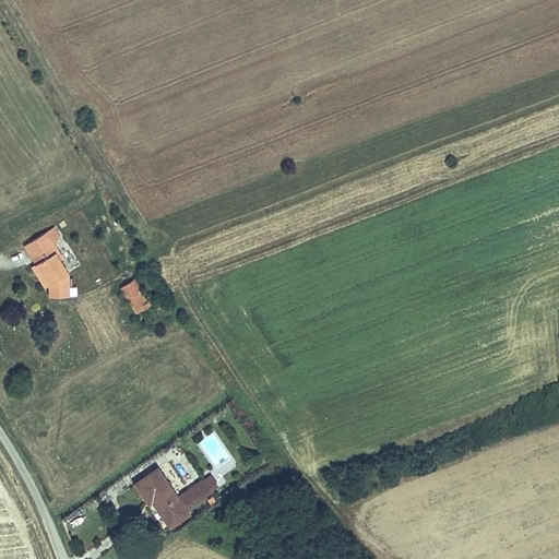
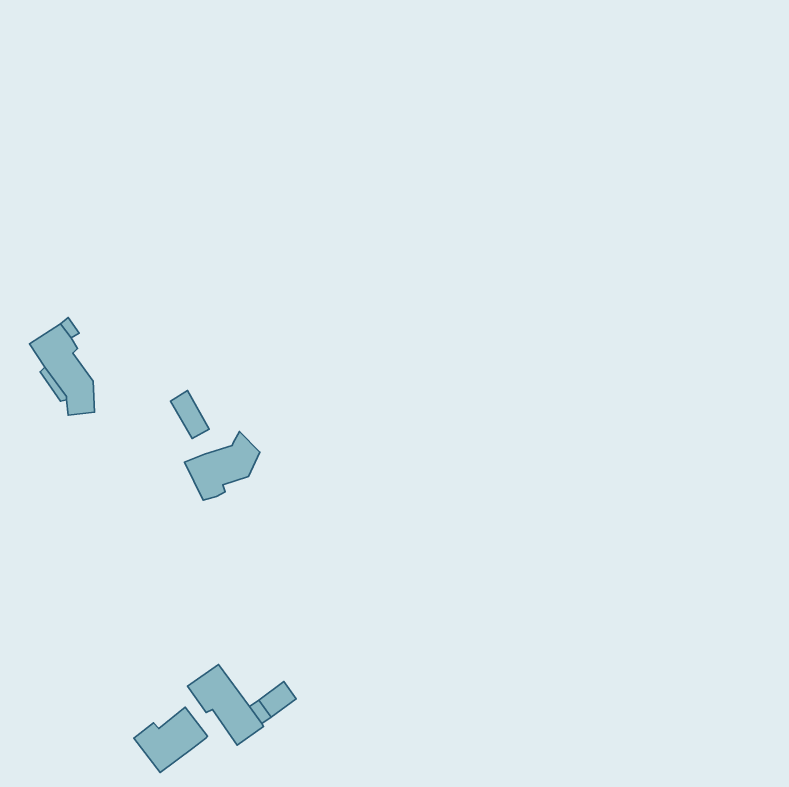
building: none -> [184,431,260,500]
building: none -> [134,707,207,772]

